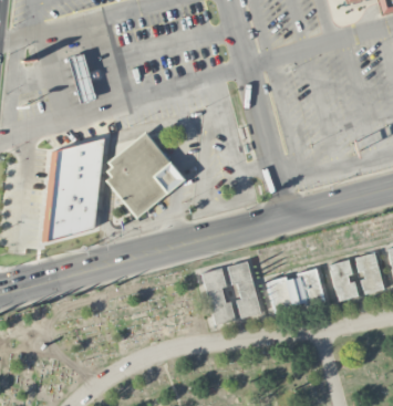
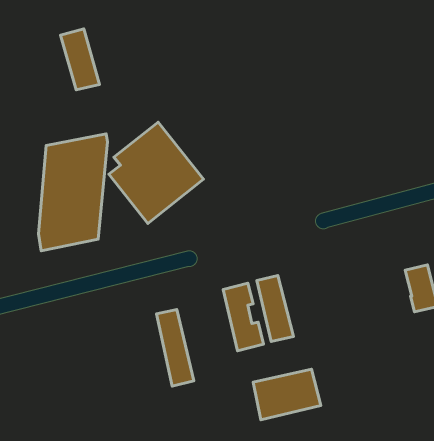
building: [330,260,358,301] -> none
building: [268,270,325,313] -> [253,369,321,420]
building: none -> [156,310,194,386]

